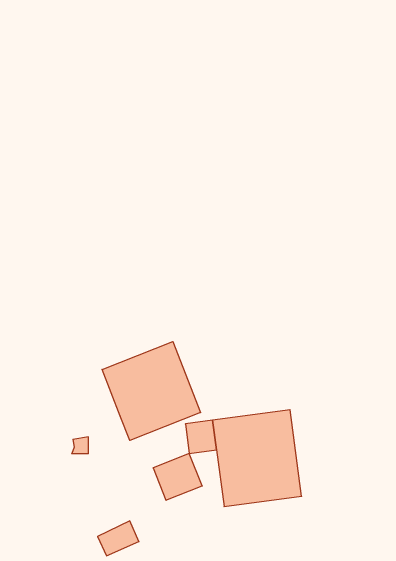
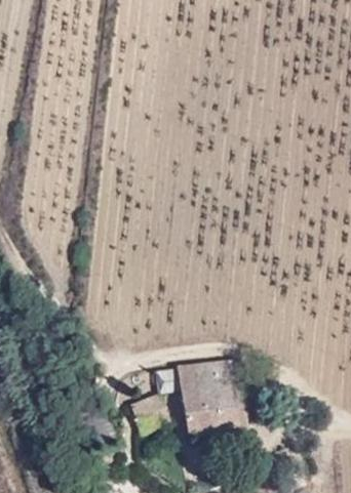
building: [102,342,201,440] -> none

